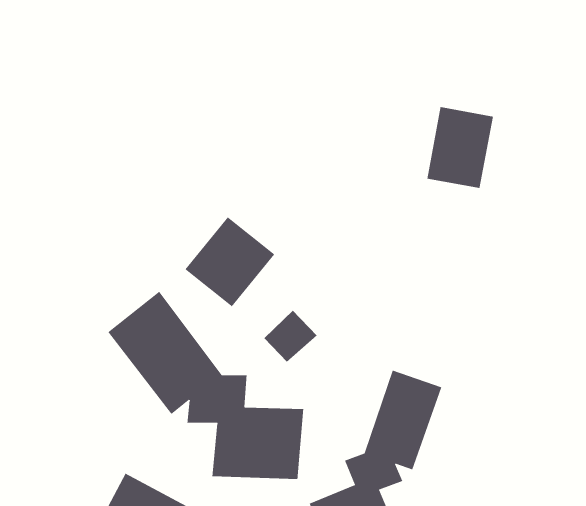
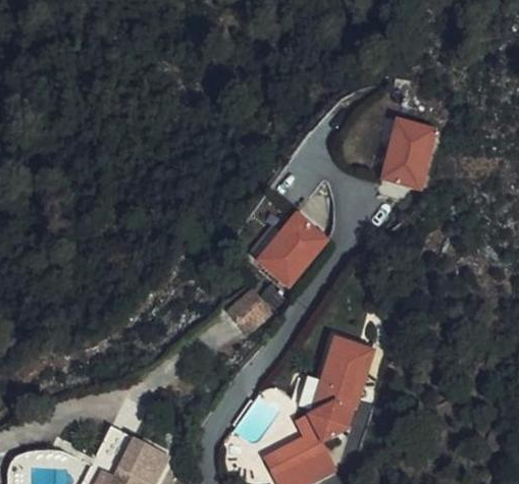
building: [185,216,275,307] -> [251,212,326,287]
building: [108,291,304,480] -> none

